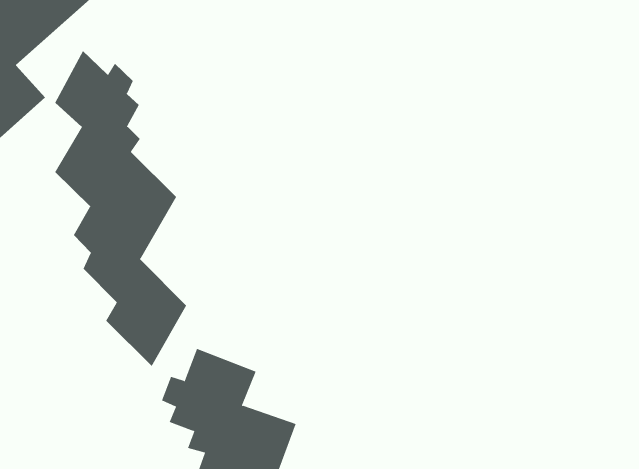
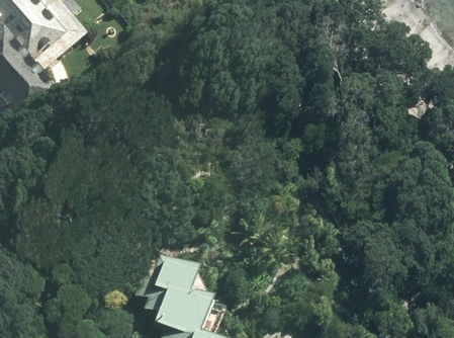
building: [54,50,187,367] -> none

